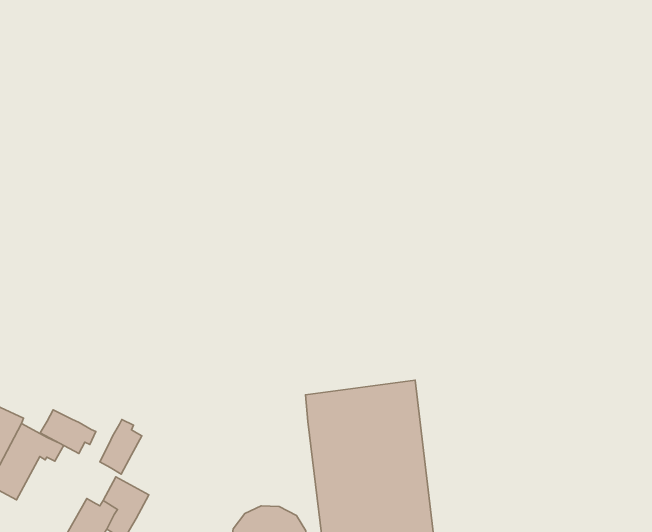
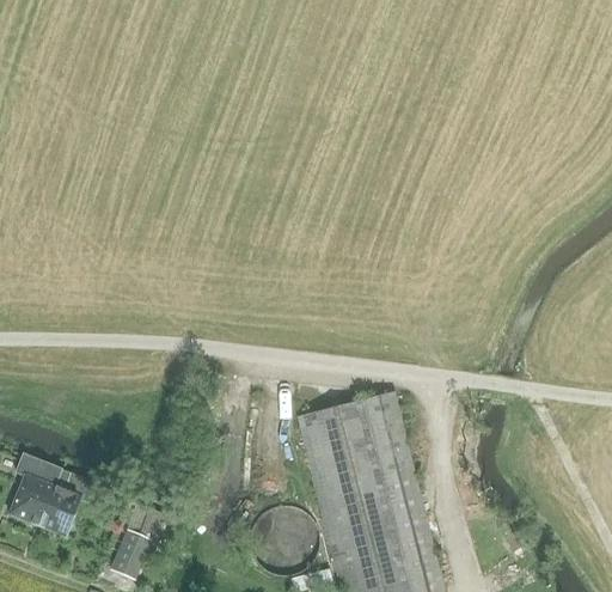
building: [40,410,96,453] -> none
building: [100,419,142,474] -> none

